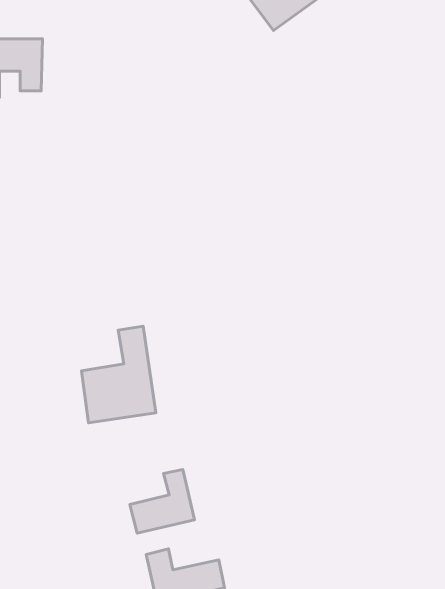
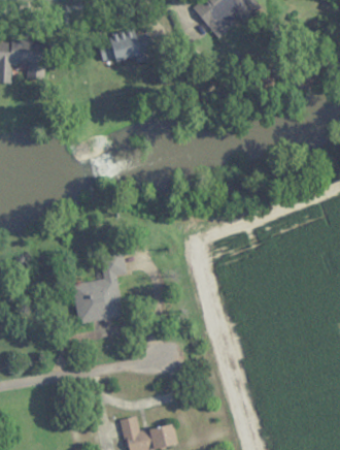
building: none -> [97,28,154,65]
building: [130,469,195,533] -> none

